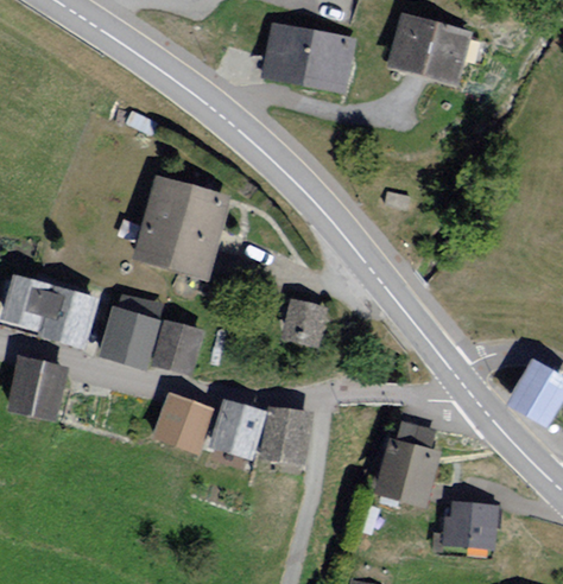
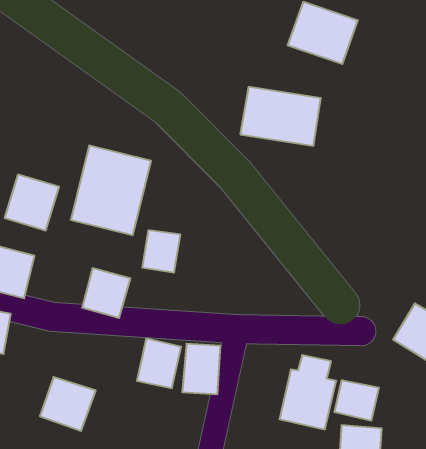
building: [258,23,350,90] -> [240,87,321,146]
building: [283,298,327,347] -> [142,230,180,273]
building: [96,305,159,369] -> [5,175,59,230]
building: [151,392,215,453] -> [40,377,96,431]
building: none -> [335,380,379,421]

